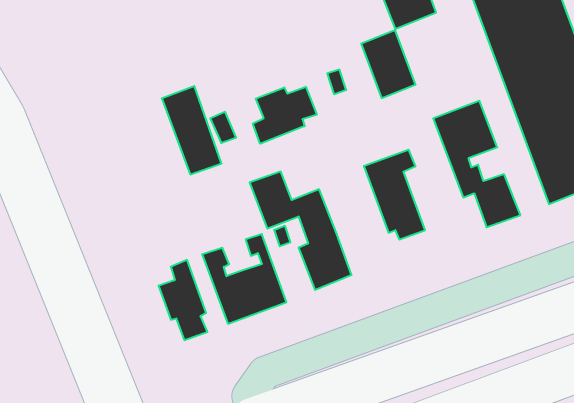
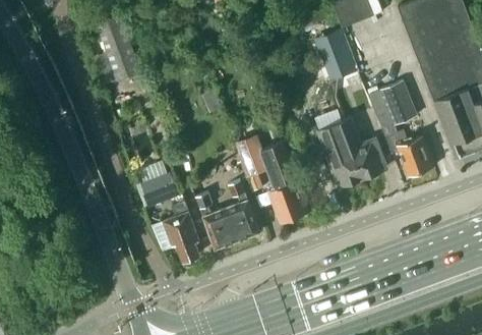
building: [162,86,222,174] -> [96,13,140,79]
building: [253,87,317,144] -> none
building: none -> [347,130,384,178]
building: none -> [142,172,179,205]

